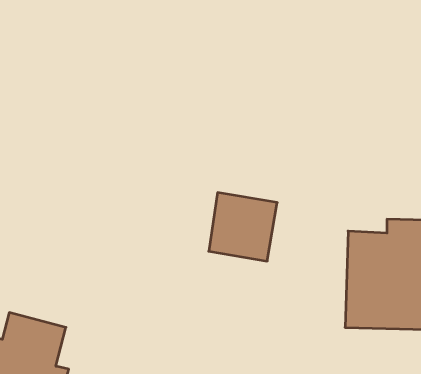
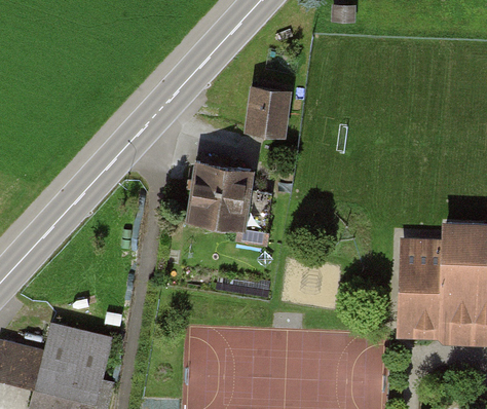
building: none -> [244,87,291,139]
building: [209,193,277,261] -> [184,160,255,231]

